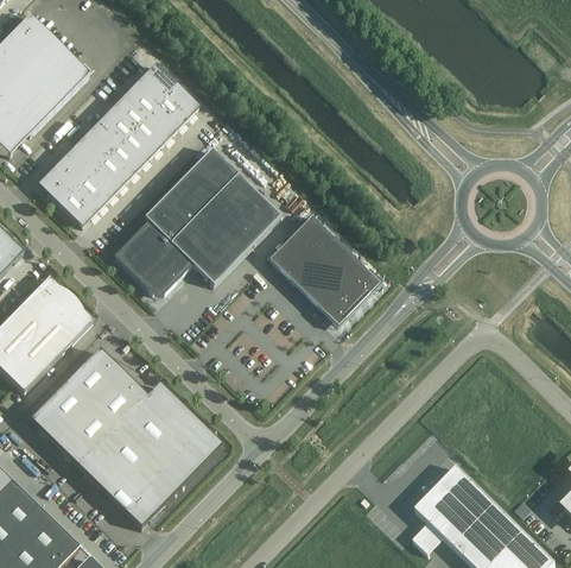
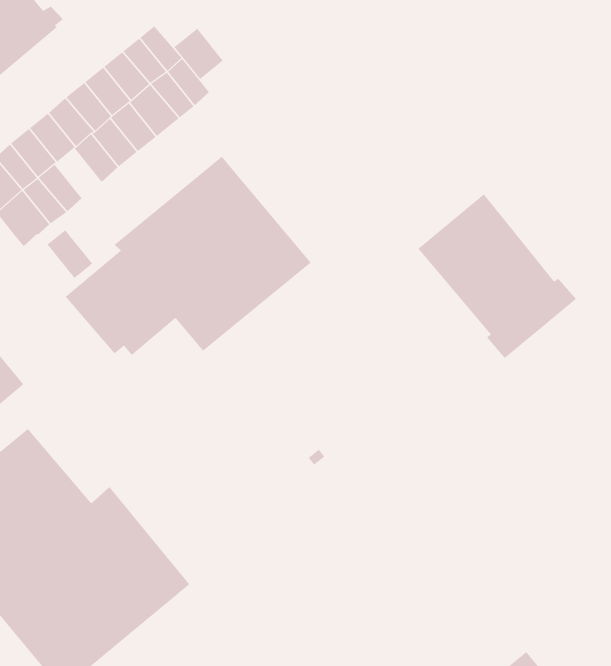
building: none -> [173,28,224,80]
building: [97,153,131,187] -> [47,229,93,279]
building: [269,215,382,327] -> [418,194,577,359]

